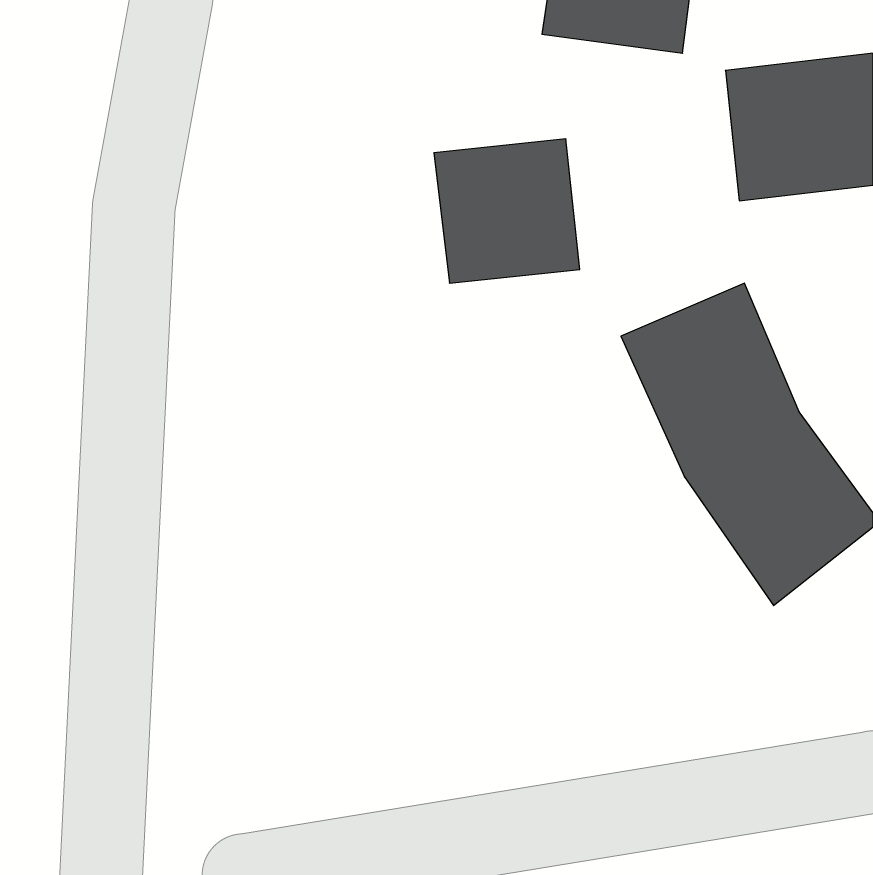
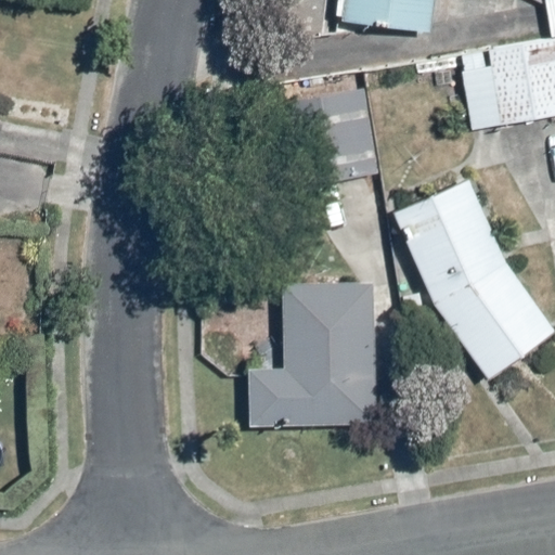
building: none -> [248,278,380,428]

